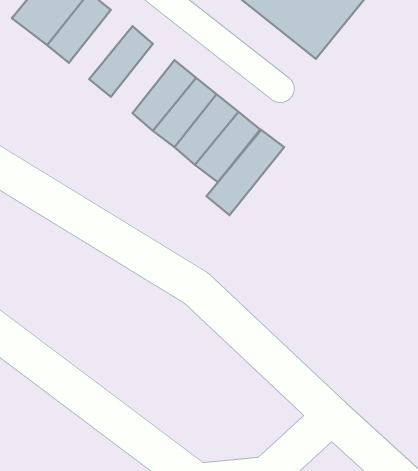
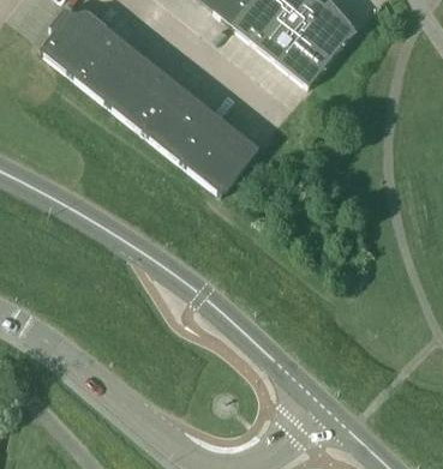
building: none -> [90,42,146,103]
building: none -> [127,72,184,133]
building: [206,130,284,215] -> none

